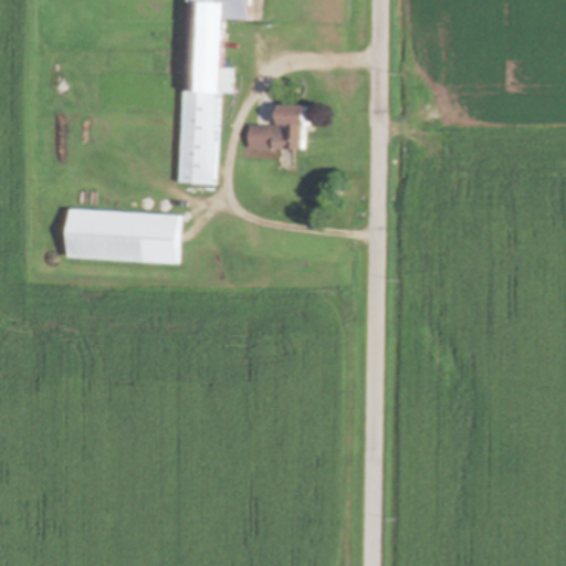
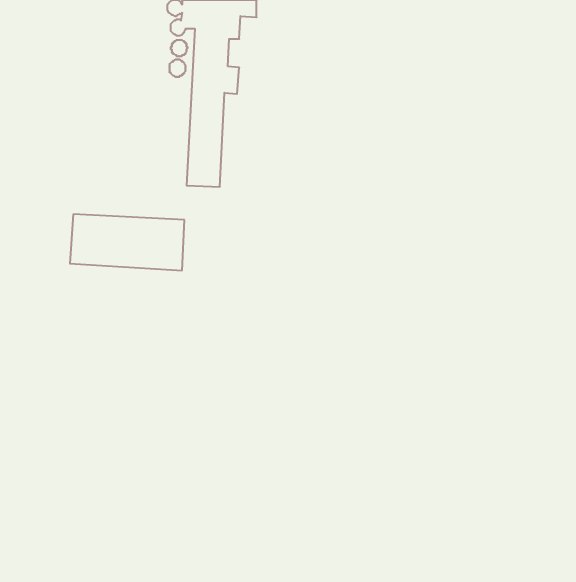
building: [248,105,306,149] -> none

